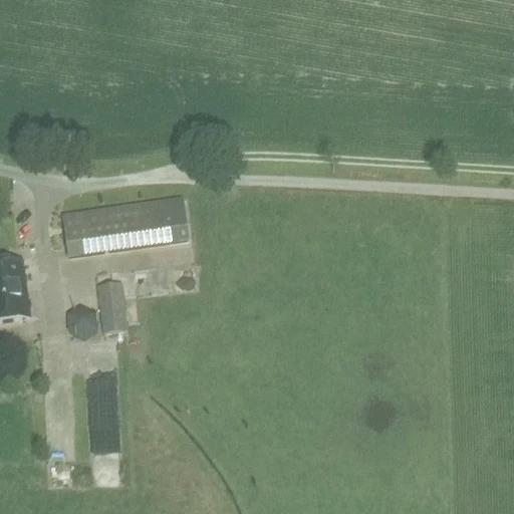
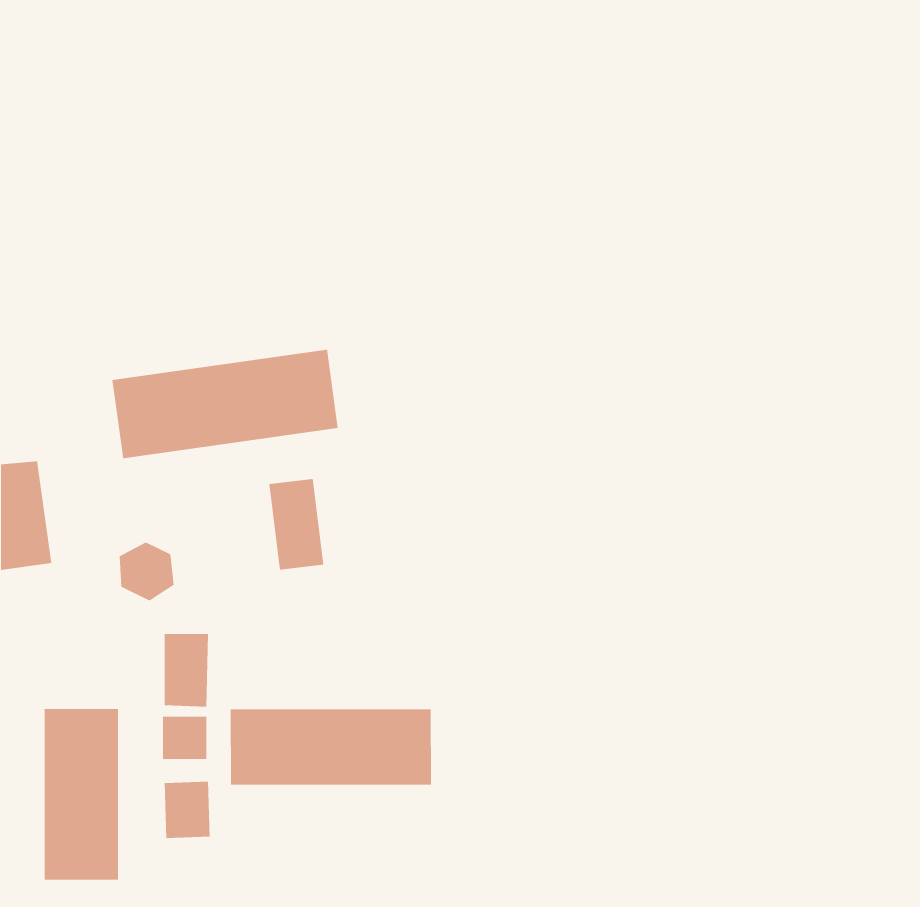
building: [96,280,127,331] -> [268,478,324,570]
building: none -> [44,708,118,881]
building: none -> [230,709,431,785]

